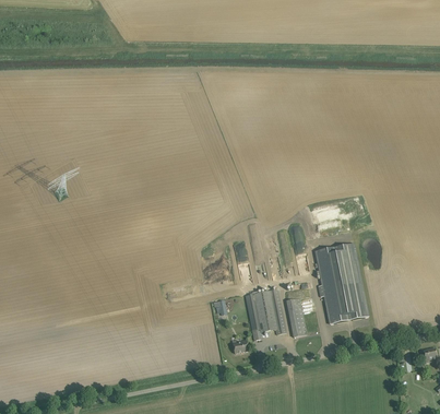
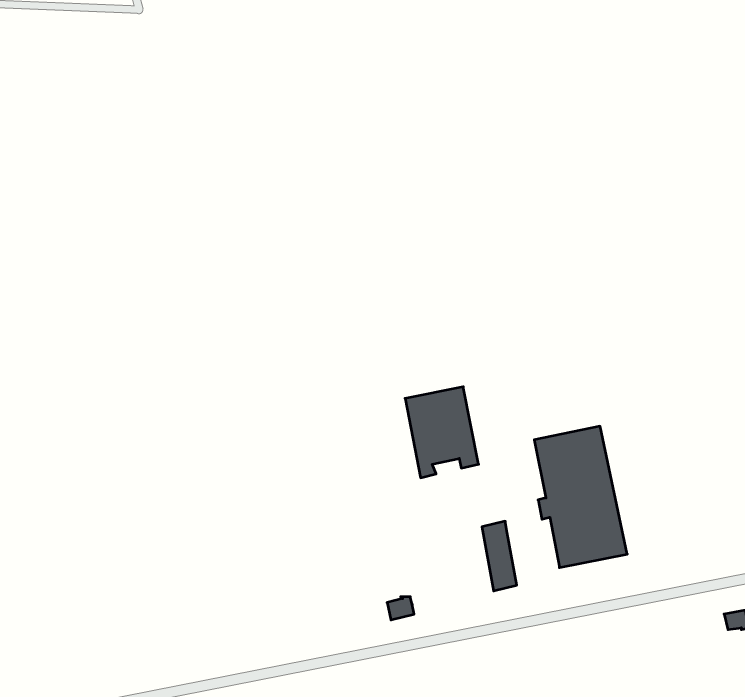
building: [245,287,286,339] -> [405,387,479,478]

